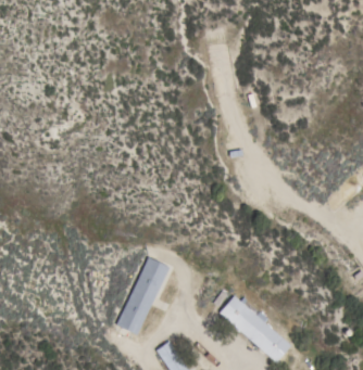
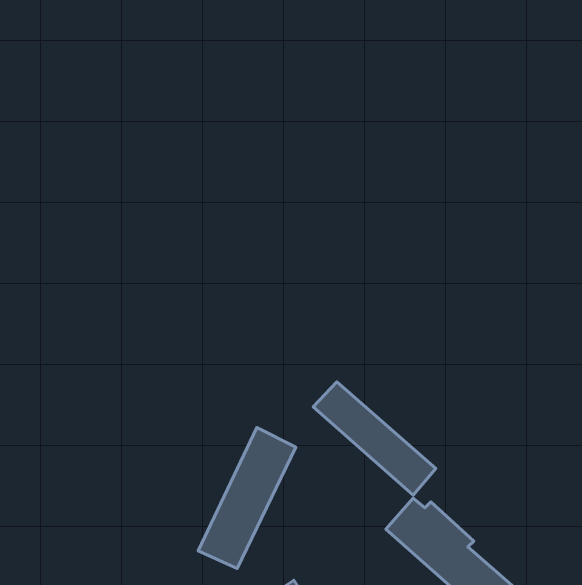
building: none -> [313,382,436,495]

